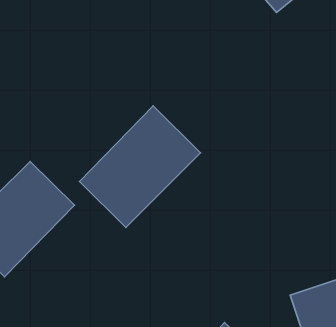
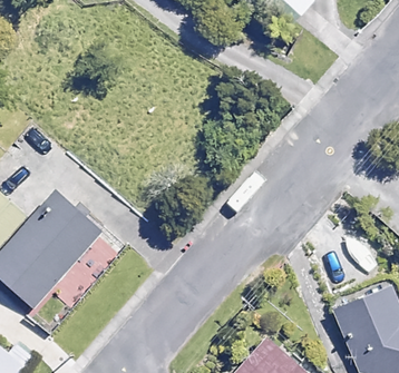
building: [80,106,200,228] -> none

